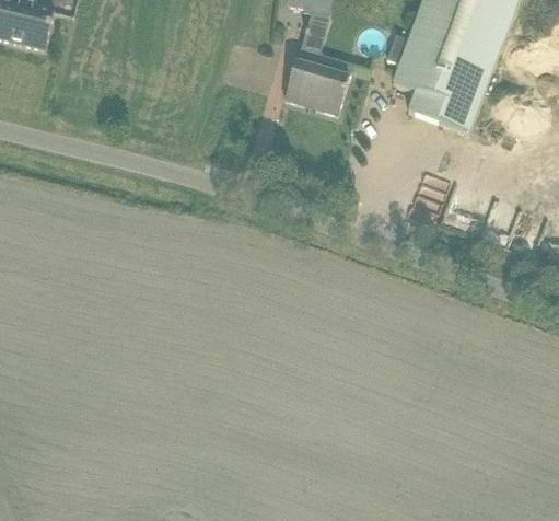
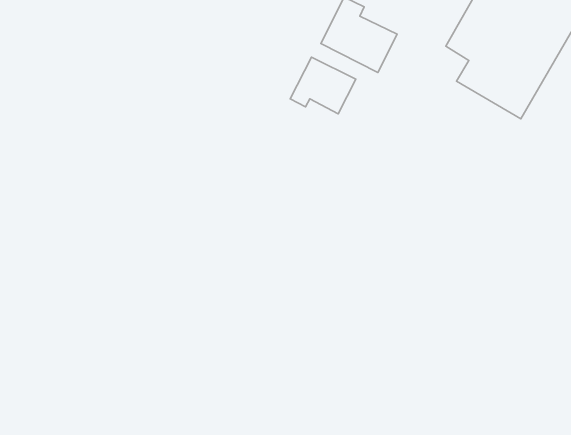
building: none -> [290,57,356,114]

